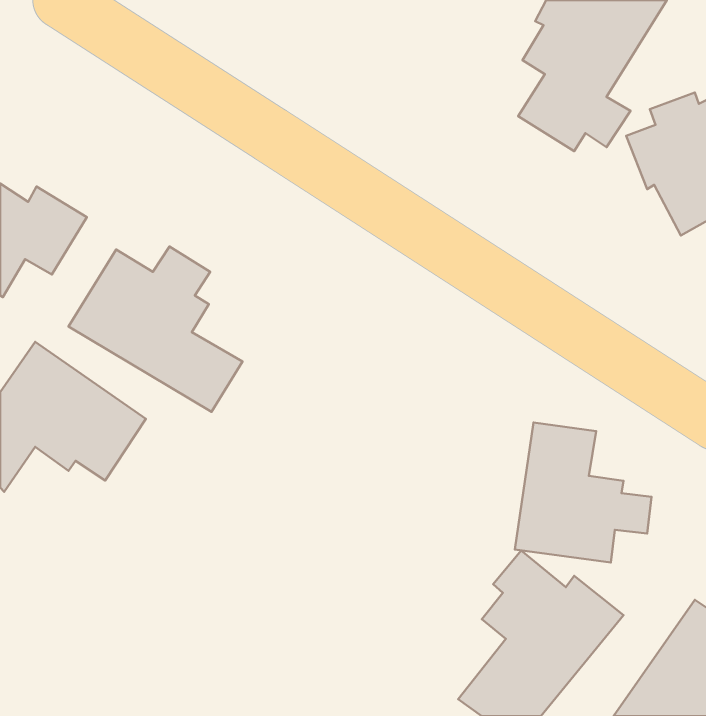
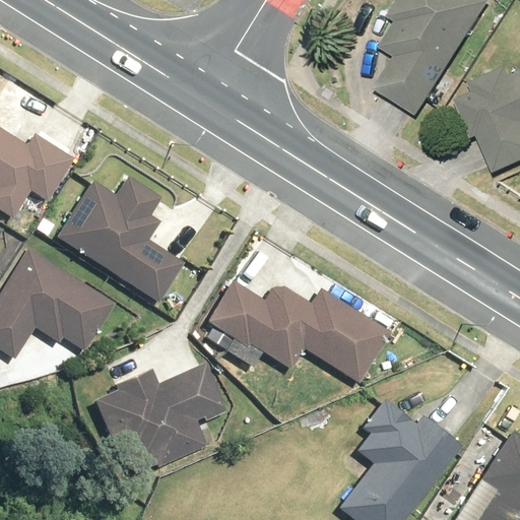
building: none -> [204,280,386,380]
building: [515,422,652,563] -> none
building: none -> [91,364,223,472]

